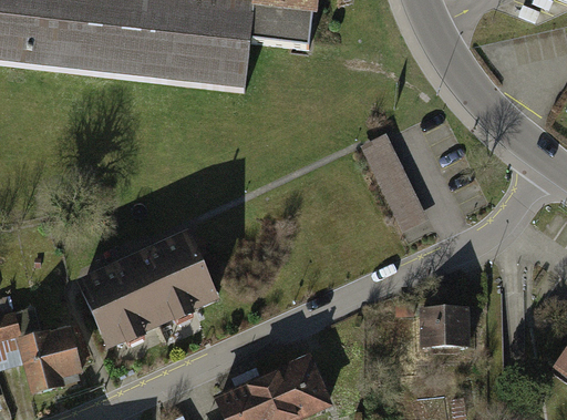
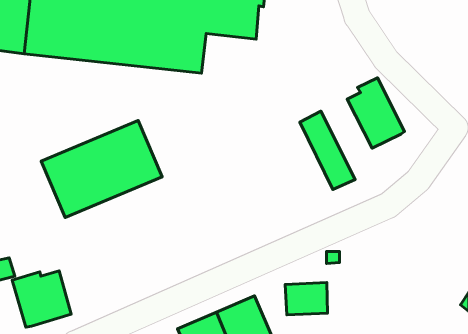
building: none -> [347,78,404,148]
building: [75,228,220,345] -> [41,120,162,217]
building: [422,310,473,349] -> [285,283,328,315]

